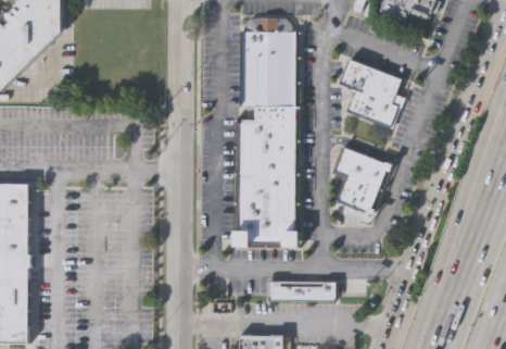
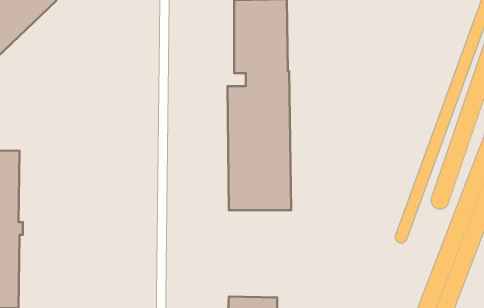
building: [336,57,403,126] -> none
building: [329,147,384,214] -> none
building: [267,282,332,301] -> none

